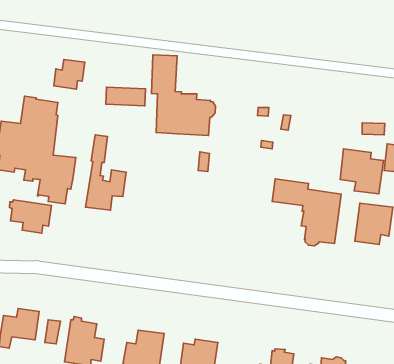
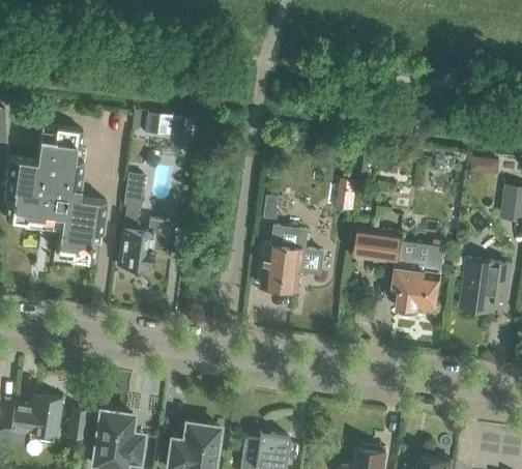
building: [151,55,215,135] -> none
building: [54,59,85,89] -> none
building: [340,149,383,194] -> none
building: none -> [260,226,323,291]
building: [9,200,51,233] -> none

